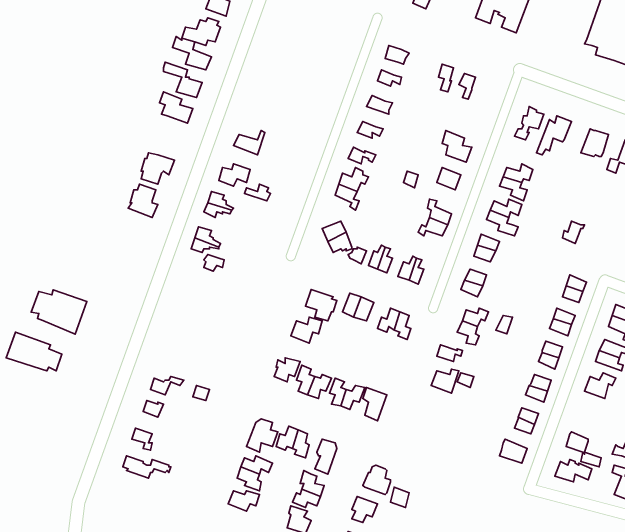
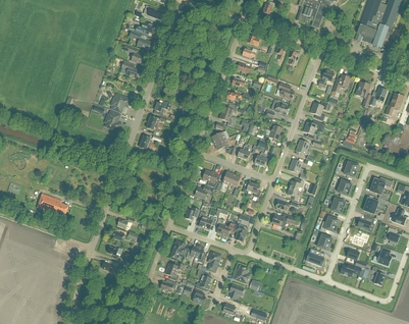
building: [31,290,87,334] -> none

